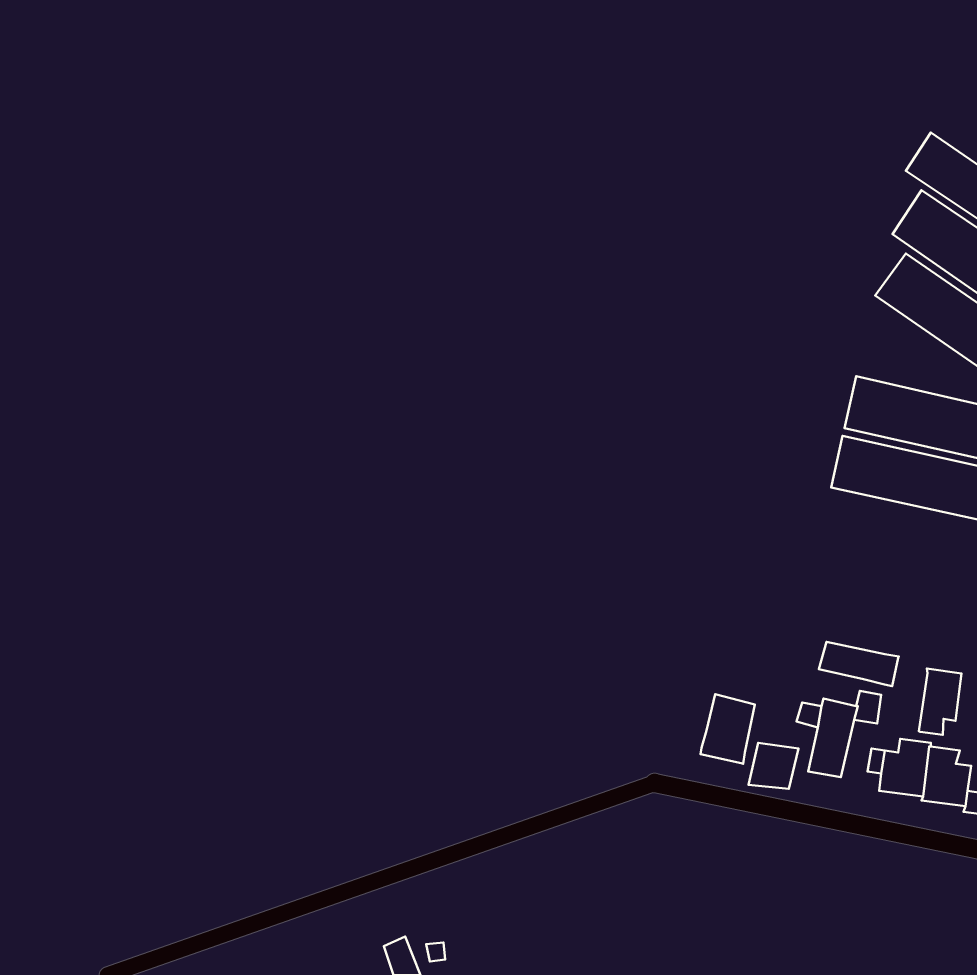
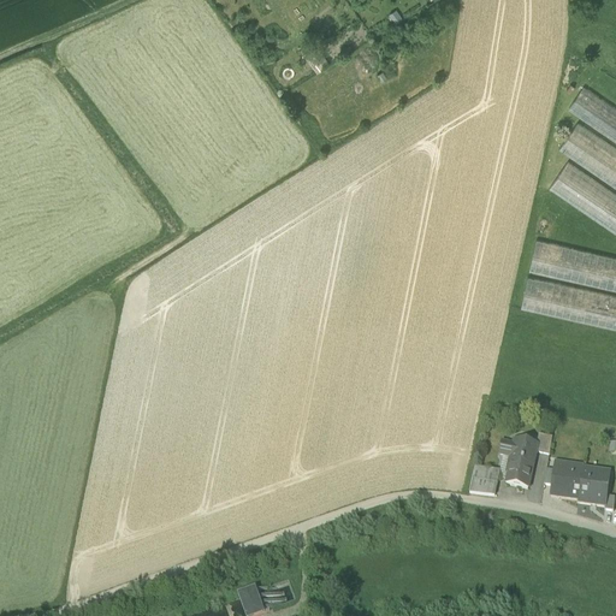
building: [819,642,899,686] -> none
building: [919,668,962,735] -> none
building: [700,694,755,764] -> none

